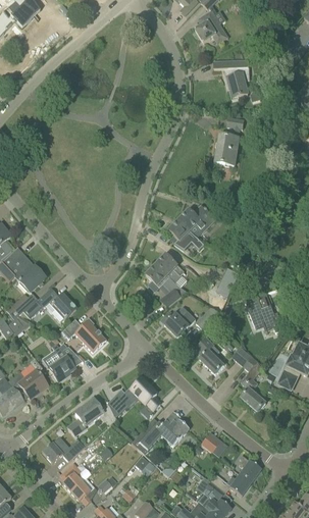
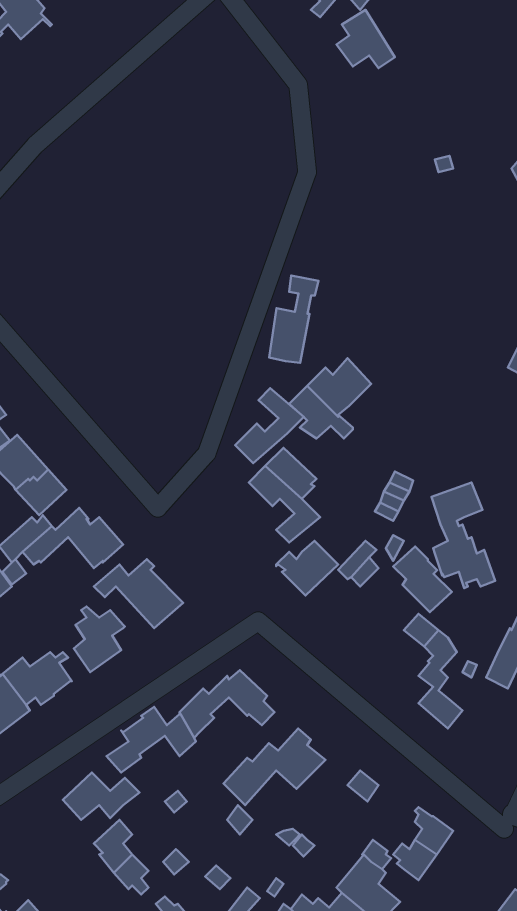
building: [214,60,249,97] -> none
building: [216,116,244,165] -> [269,275,318,363]
building: none -> [235,388,304,463]
building: [195,336,227,373] -> [393,546,452,612]

